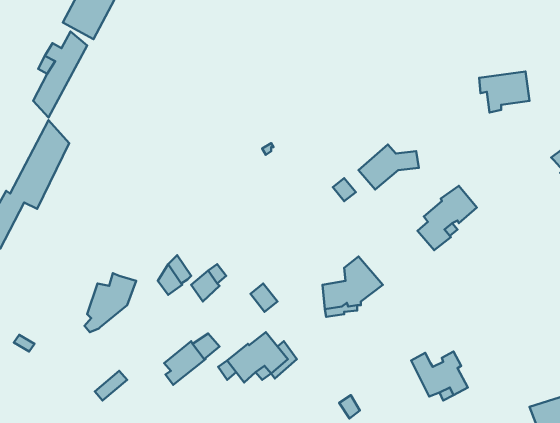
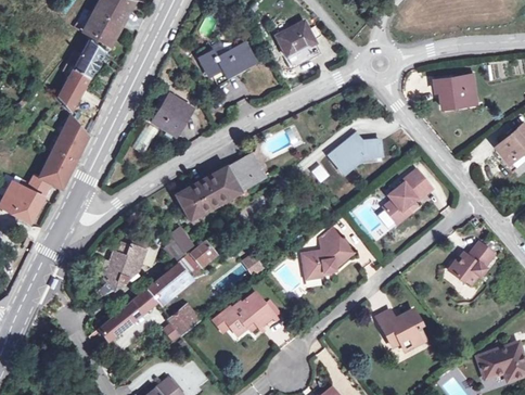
building: none -> [277,21,316,55]
building: none -> [200,42,255,82]
building: none -> [149,91,191,139]
building: none -> [177,154,265,224]
building: none -> [449,241,495,284]
building: none -> [99,264,189,341]

